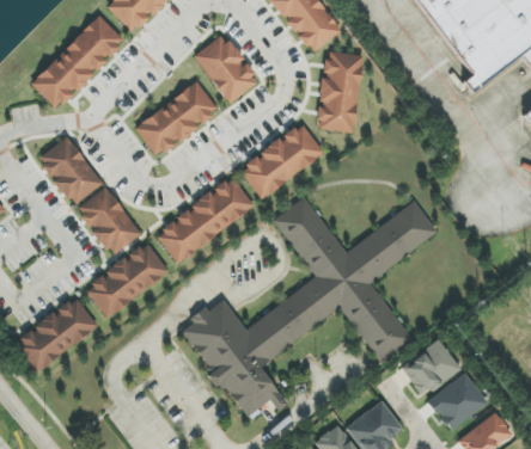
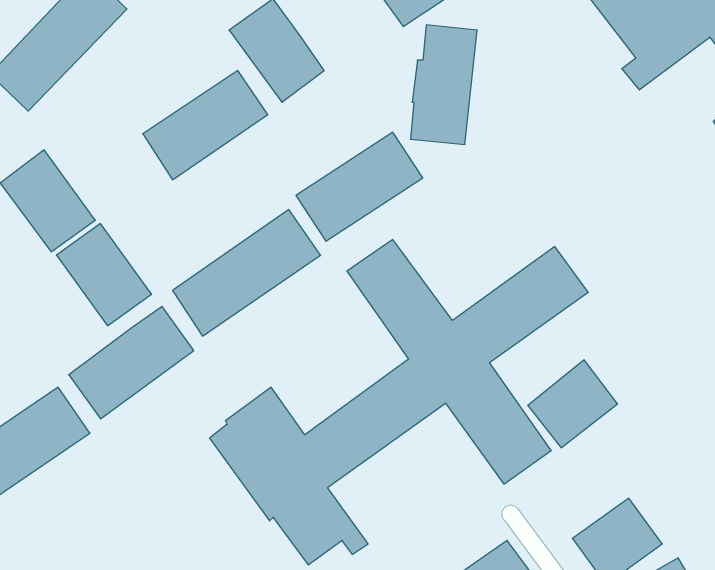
building: [401,338,462,398] -> [528,360,618,448]

